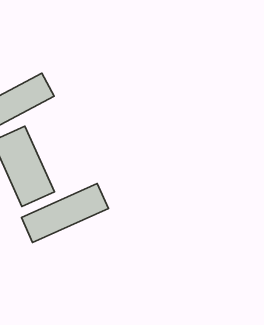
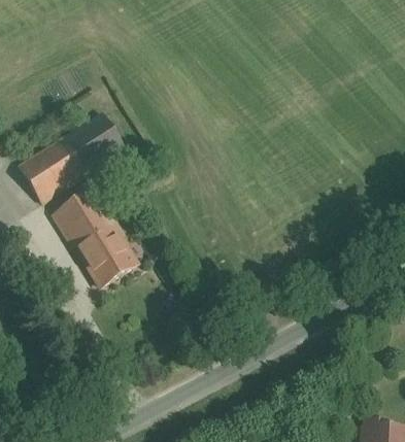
building: [21,183,108,243] -> none

